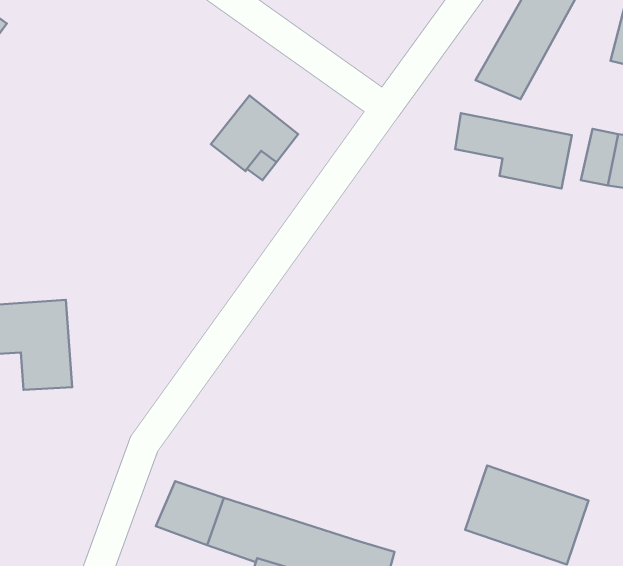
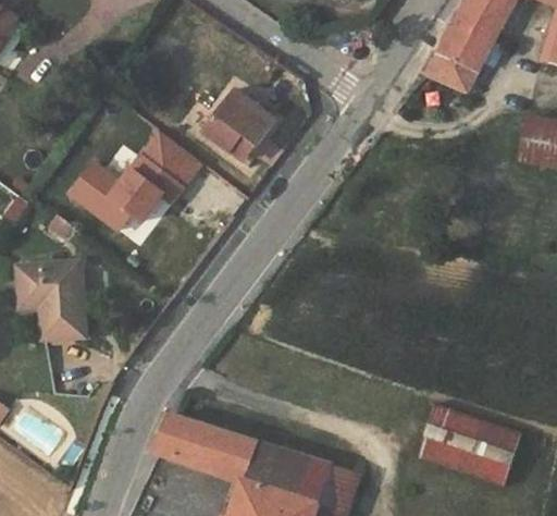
building: [455,113,572,188] -> none
building: none -> [63,128,202,235]

